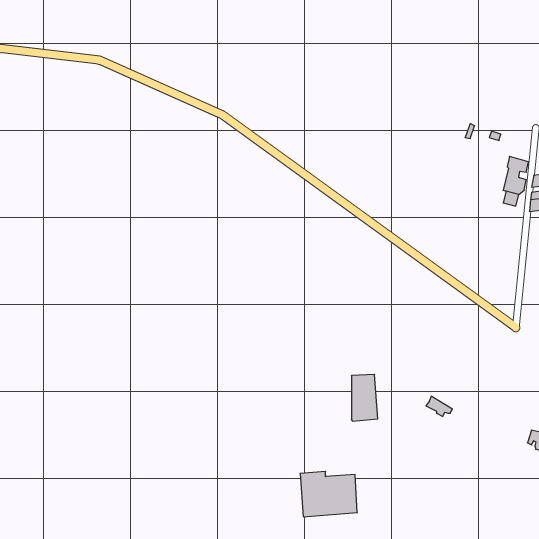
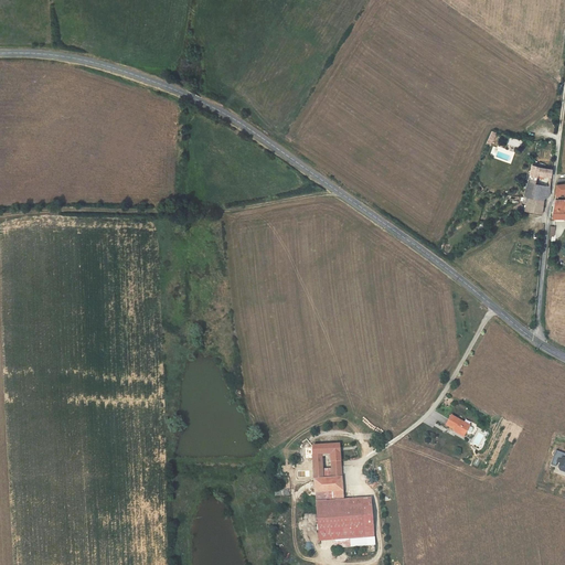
building: [351,374,378,421] -> [313,446,341,494]

